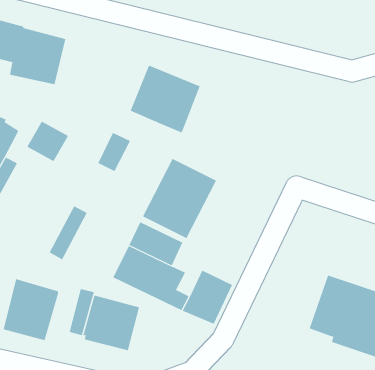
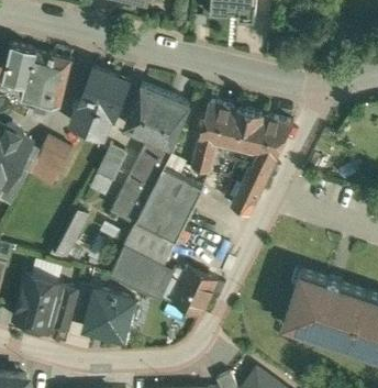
building: none -> [73,68,130,136]
building: none -> [193,102,293,213]
building: none -> [112,136,176,222]
building: none -> [53,288,80,331]

